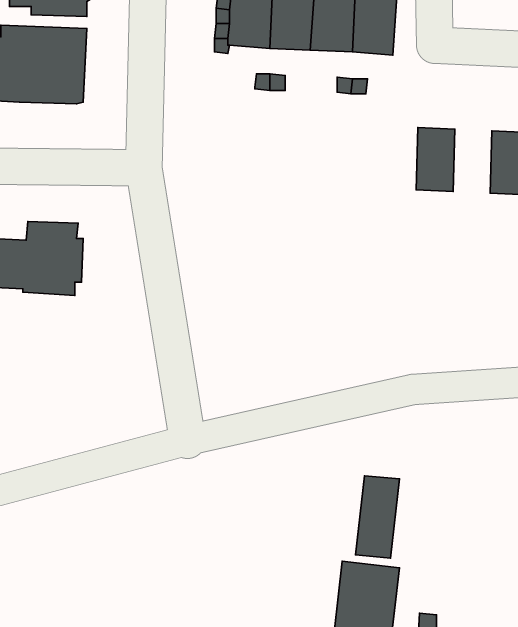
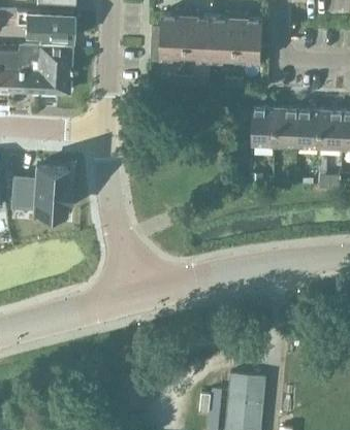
building: none -> [252,107,276,146]
building: none -> [297,109,321,148]
building: [355,476,400,558] -> none

